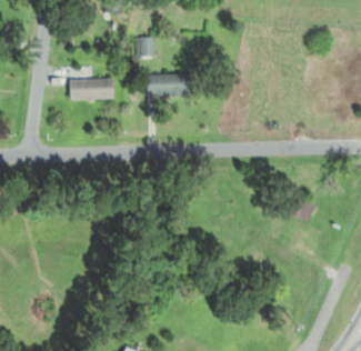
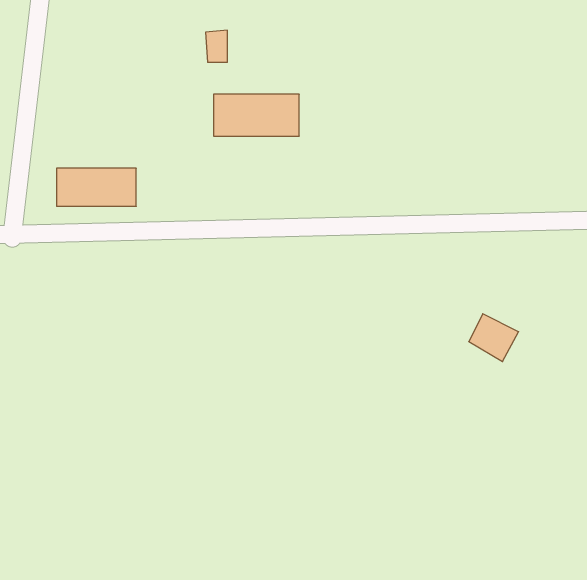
building: [69,79,113,100] -> [57,168,136,206]

